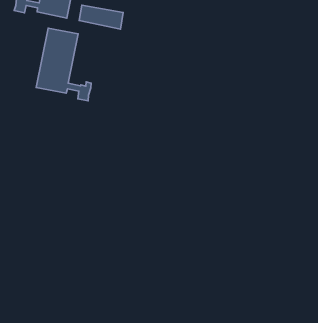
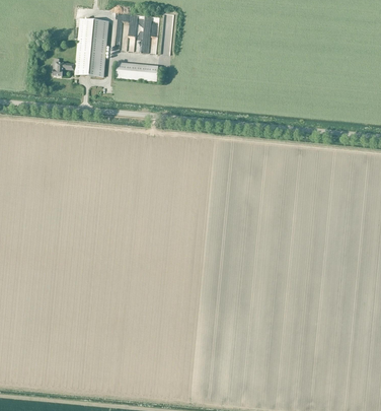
building: [36,28,91,101] -> none

